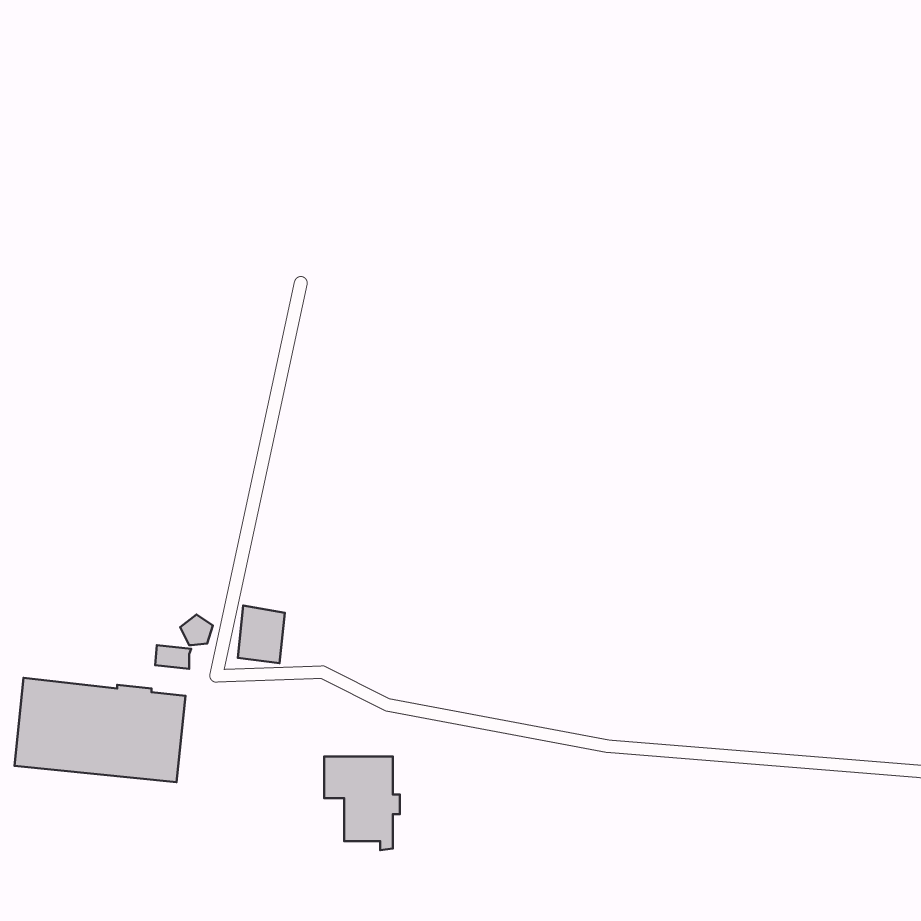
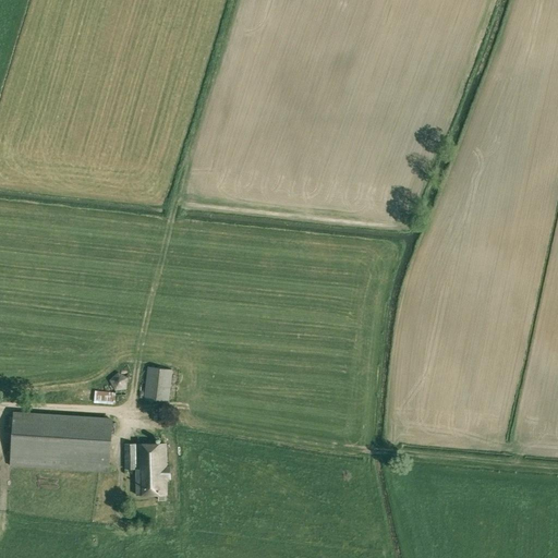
building: [324,757,400,850] -> [124,444,170,500]

